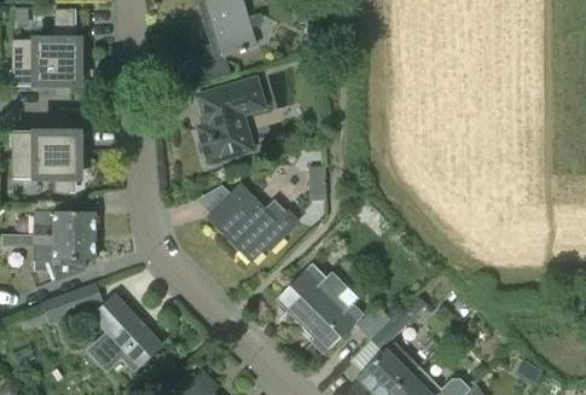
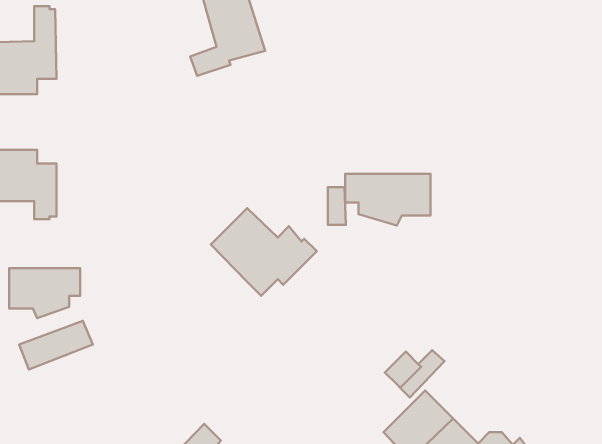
building: [197,81,263,163] -> none
building: none -> [345,174,430,226]
building: [33,211,94,236] -> none
building: [279,266,362,352] -> none
building: [91,295,161,371] -> none

